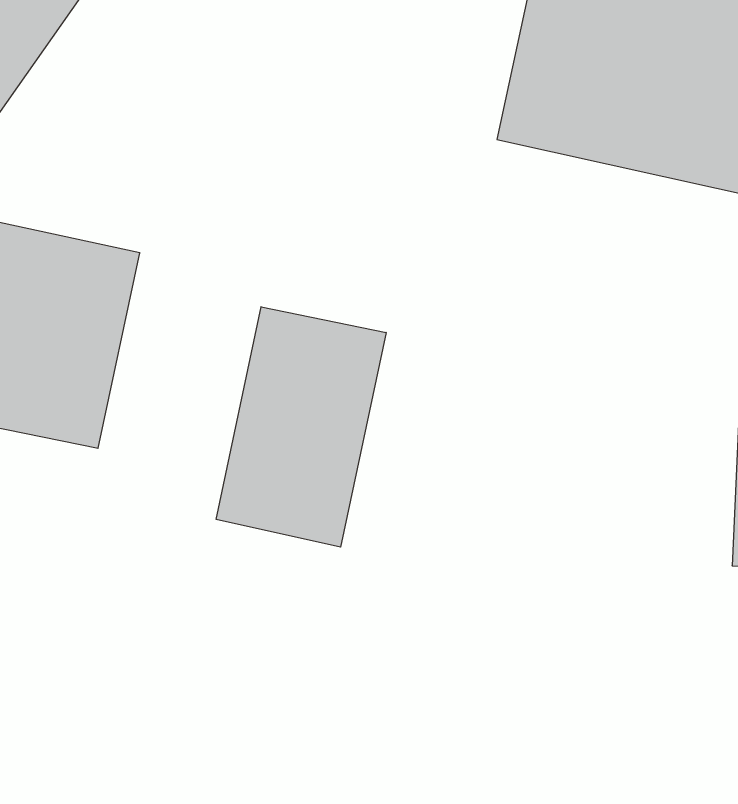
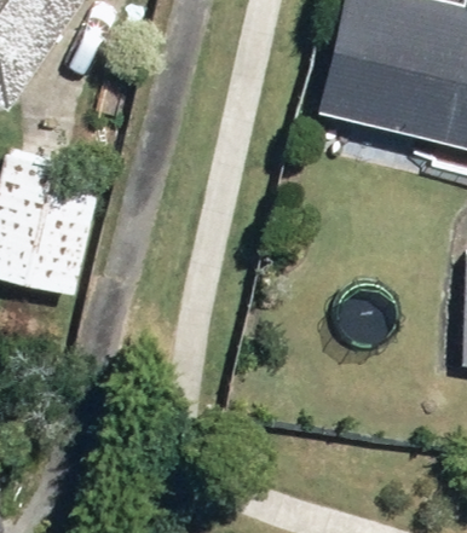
building: [216,307,386,547] -> none

